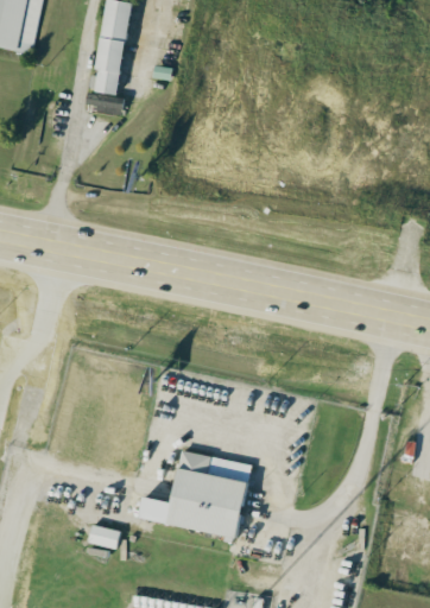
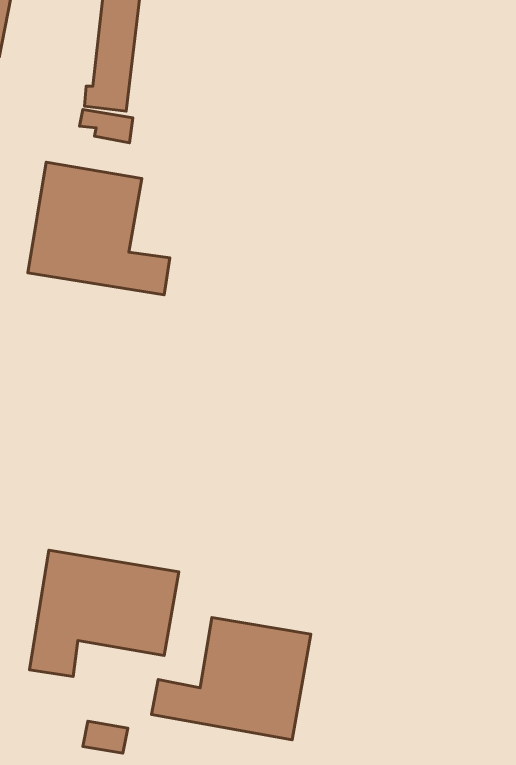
building: none -> [28,162,170,295]
building: none -> [30,550,179,677]

